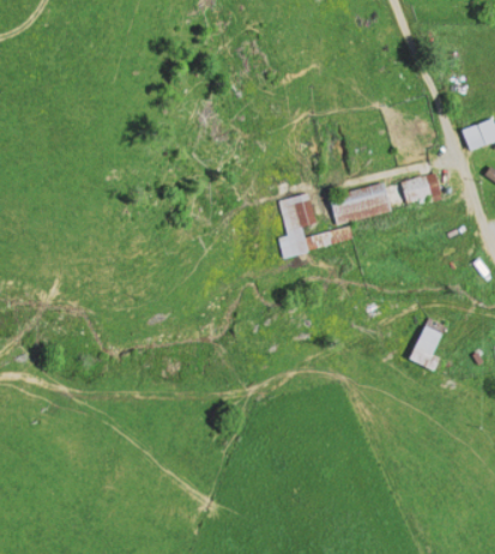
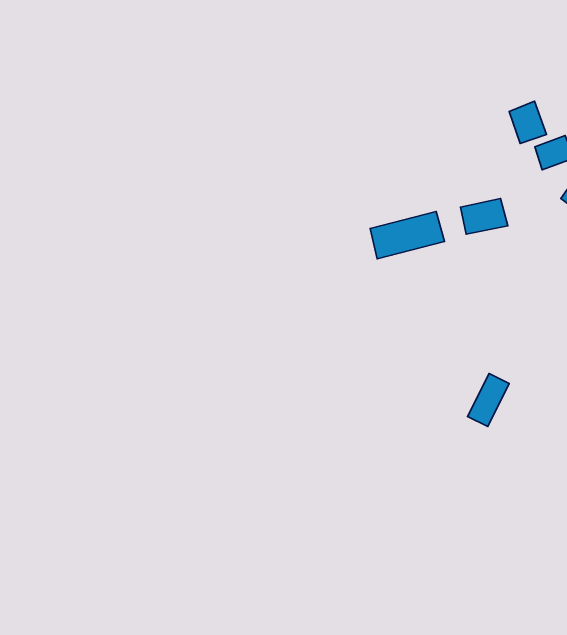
building: none -> [509,101,546,144]
building: [278,193,350,258] -> none

